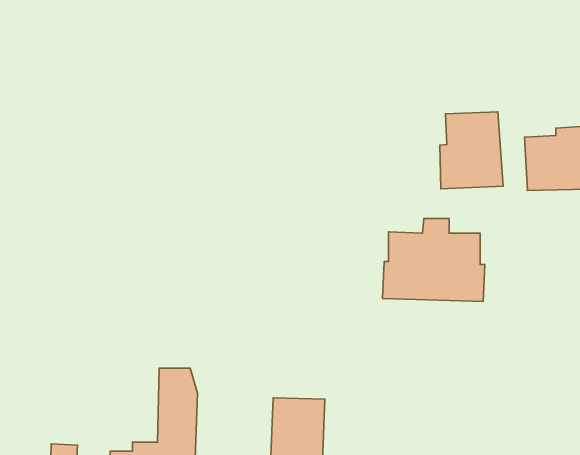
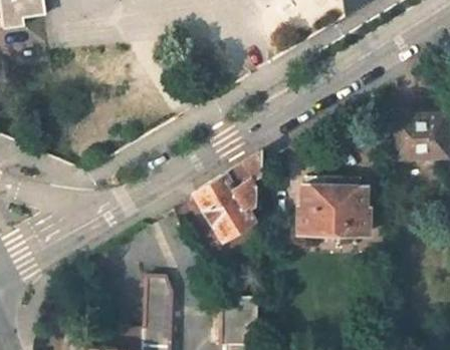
building: [440,112,503,189] -> none
building: none -> [194,153,261,241]

